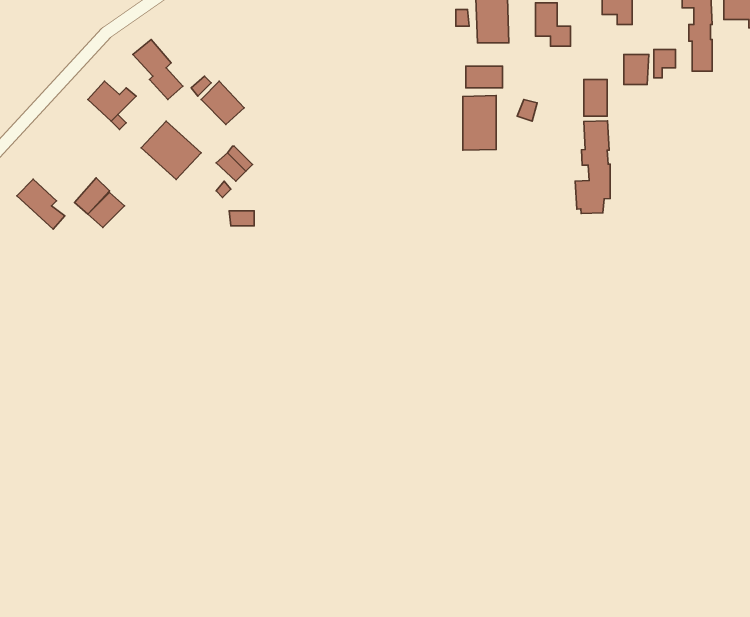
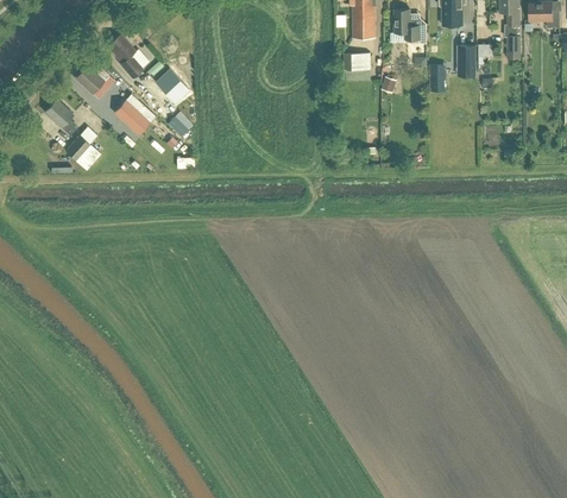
building: [463,96,496,150] -> none
building: [575,121,610,214] -> none
building: [17,179,65,229] -> [44,101,78,137]

